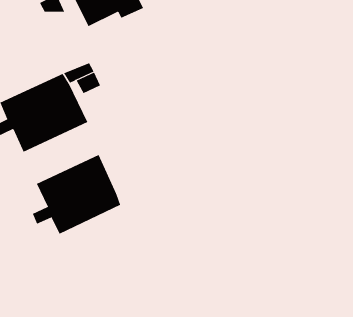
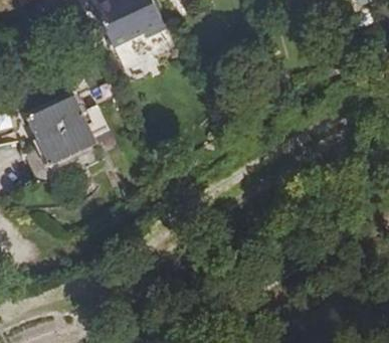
building: [32,154,121,235] -> none

